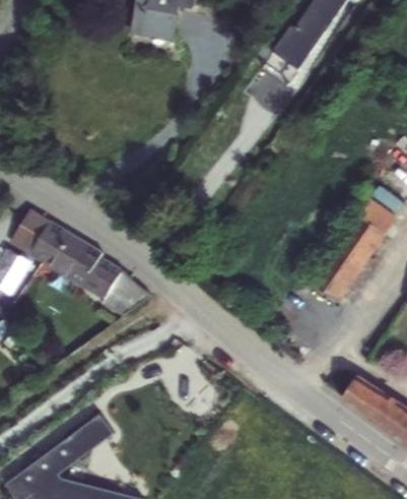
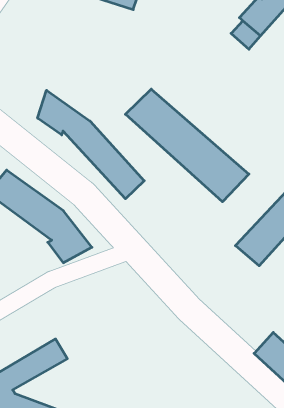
building: none -> [125,89,249,202]
building: none -> [38,90,144,199]

